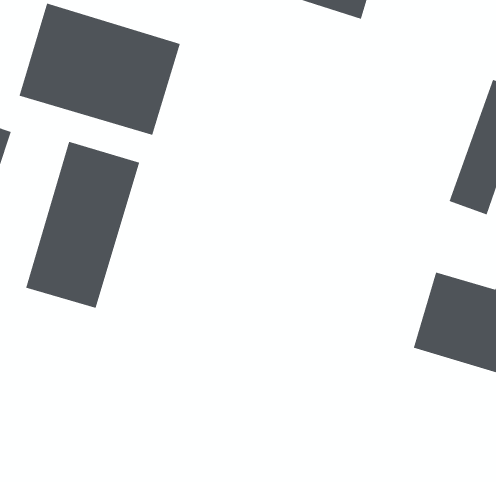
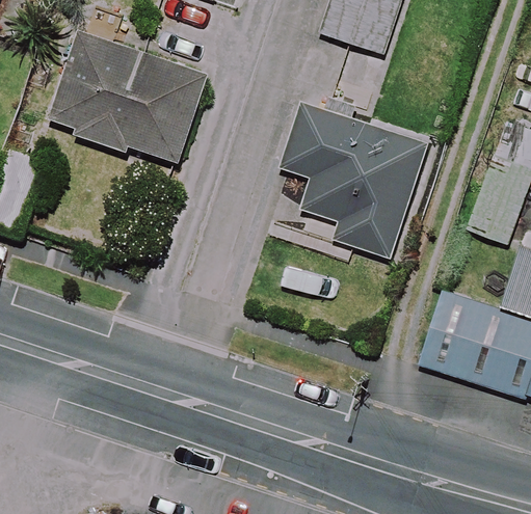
building: none -> [281,104,426,256]
building: [25,141,140,309] -> none

